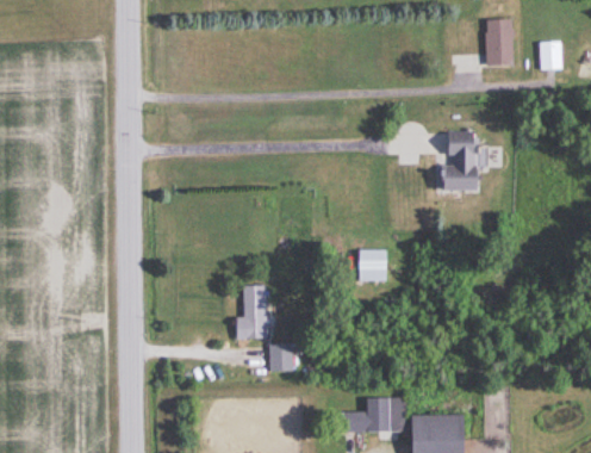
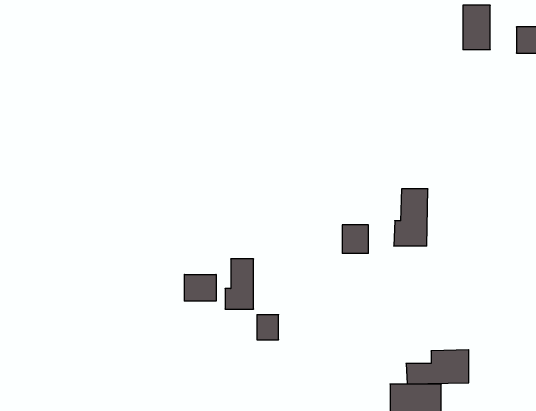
building: [440,131,475,191] -> [394,189,428,246]
building: none -> [184,274,216,301]
building: [341,397,406,433] -> [406,350,469,384]

